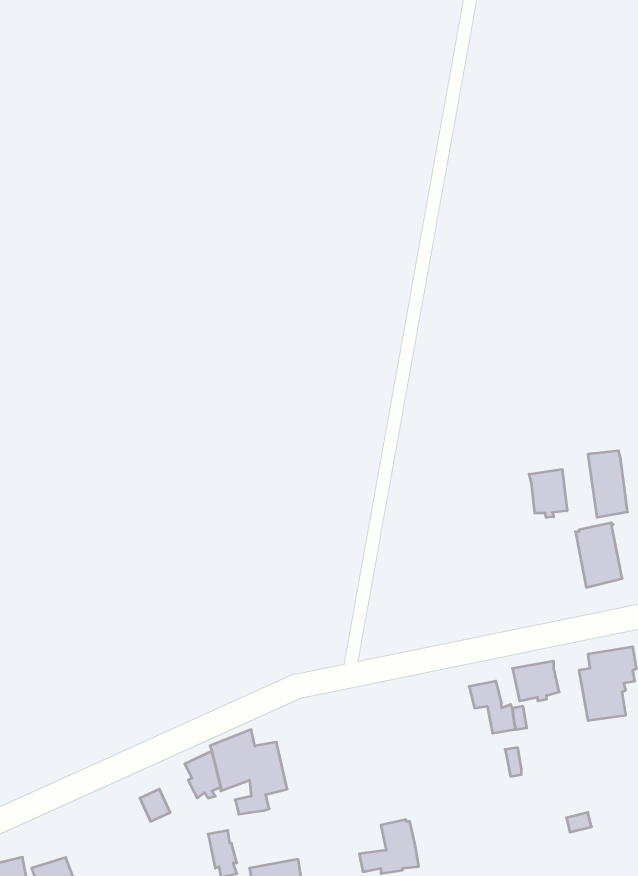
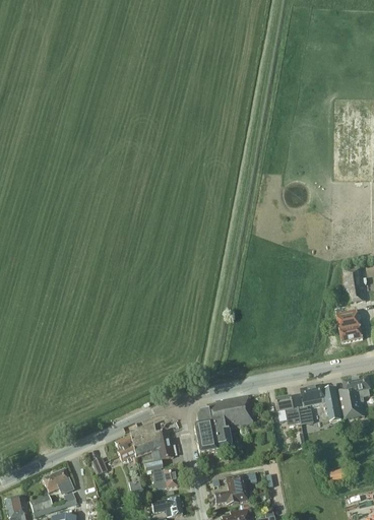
building: [529,469,567,518] -> none
building: none -> [320,387,342,422]
building: none -> [194,395,254,454]
building: none -> [152,468,178,490]
building: none -> [43,469,75,494]

